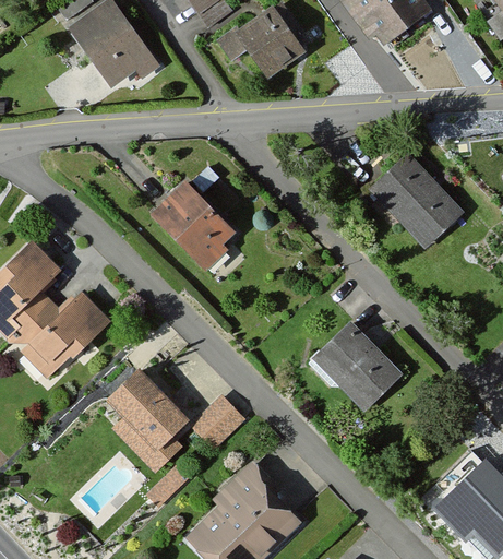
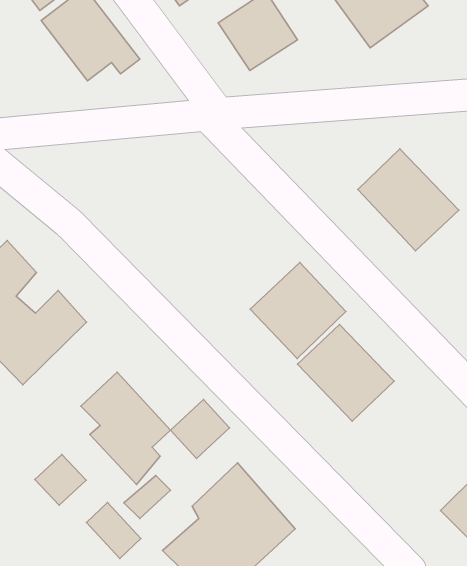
building: [152,179,237,265] -> none
building: none -> [250,263,346,358]
building: none -> [35,454,86,505]
building: none -> [87,503,141,558]

